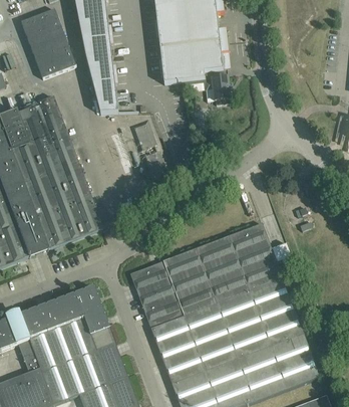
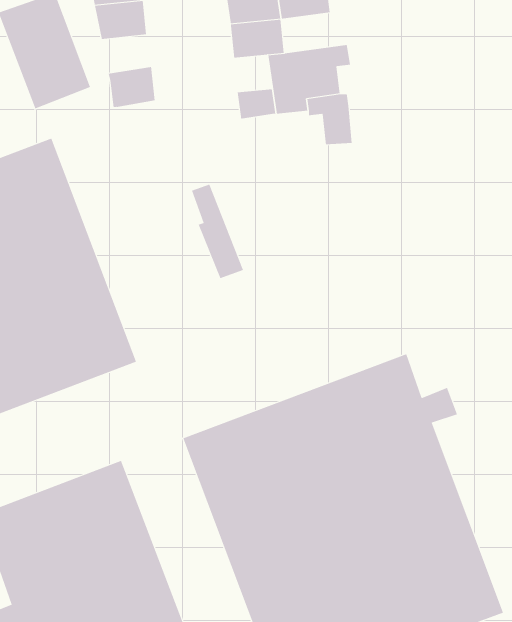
building: [189,20,228,44] -> none
building: [82,33,112,56] -> none
building: [160,45,184,67] -> none
building: [91,72,118,112] -> none

